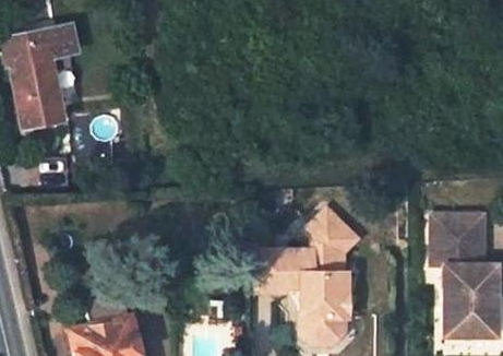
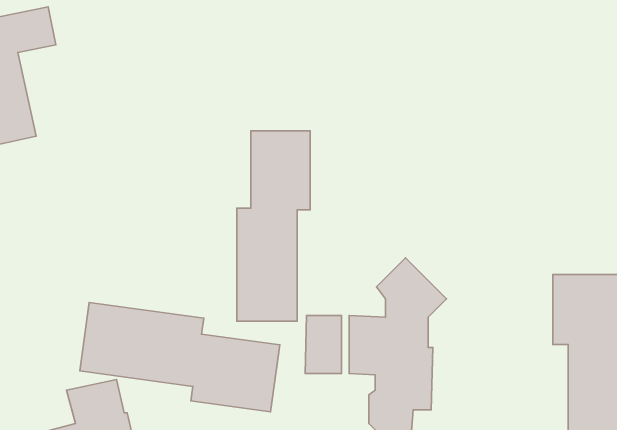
building: none -> [237,131,310,321]
building: none -> [80,303,280,412]

